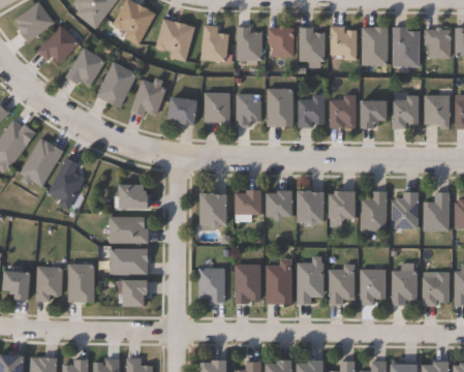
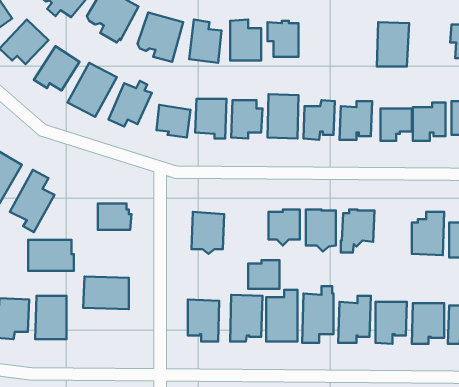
building: [298,27,324,62] -> none
building: [330,28,357,61] -> none
building: [391,28,420,68] -> none
building: [237,188,264,213] -> [248,260,279,289]
building: [360,190,386,229] -> none
building: [107,216,147,243] -> [28,240,74,271]
building: [124,278,149,305] -> none

